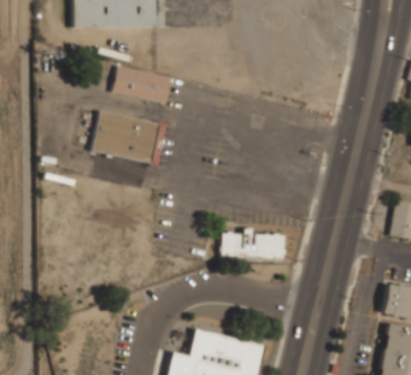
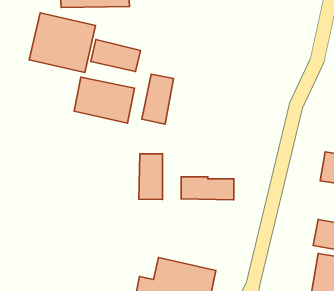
building: none -> [29,13,96,72]
building: none -> [142,74,174,124]
building: none -> [139,154,163,200]

